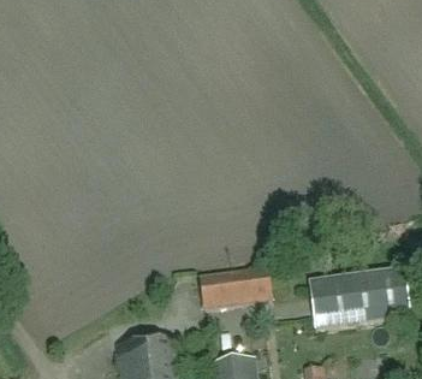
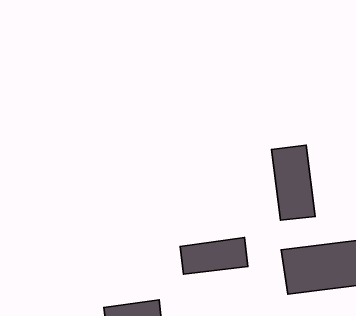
building: none -> [272,145,315,220]

